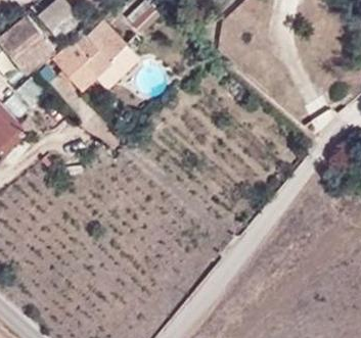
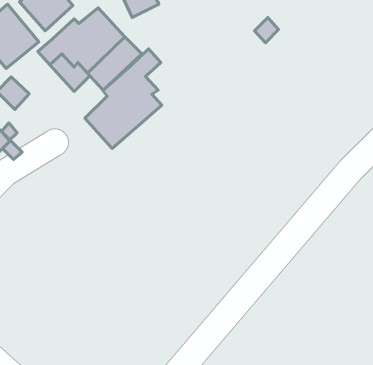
building: none -> [85,49,162,149]

